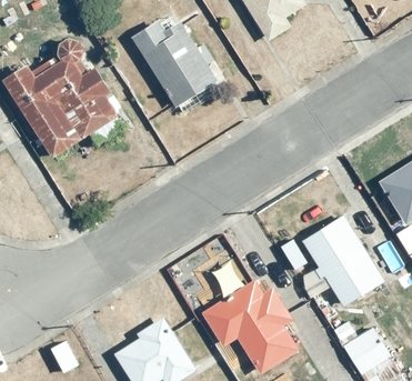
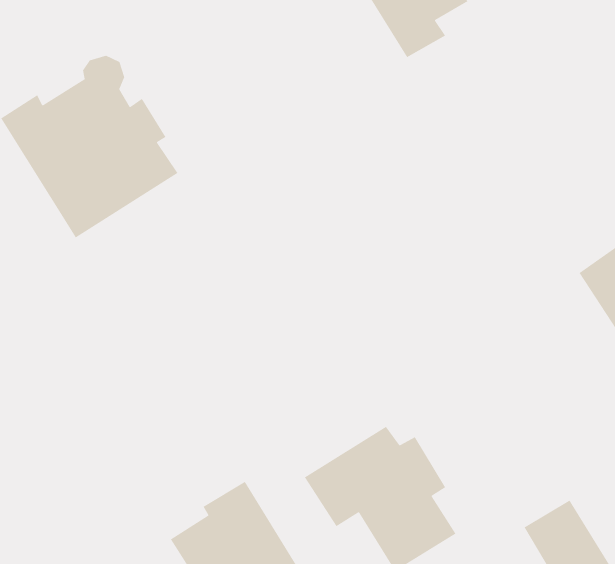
building: [130,20,218,114] -> none
building: [300,213,383,305] -> none

